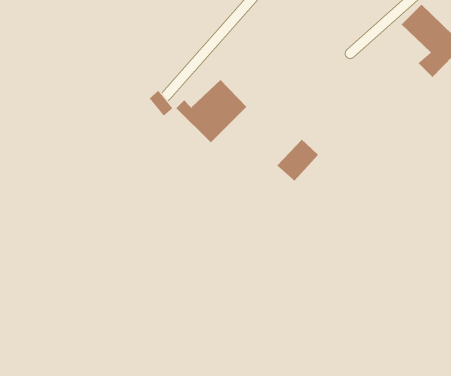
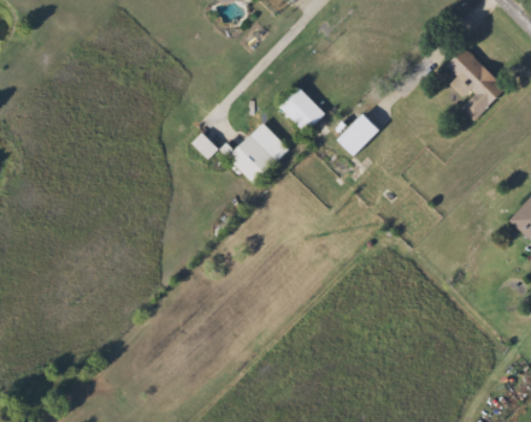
building: none -> [278,85,326,135]
building: [276,139,319,181] -> [336,114,378,156]

